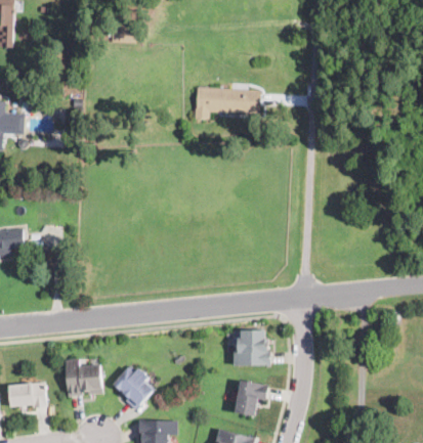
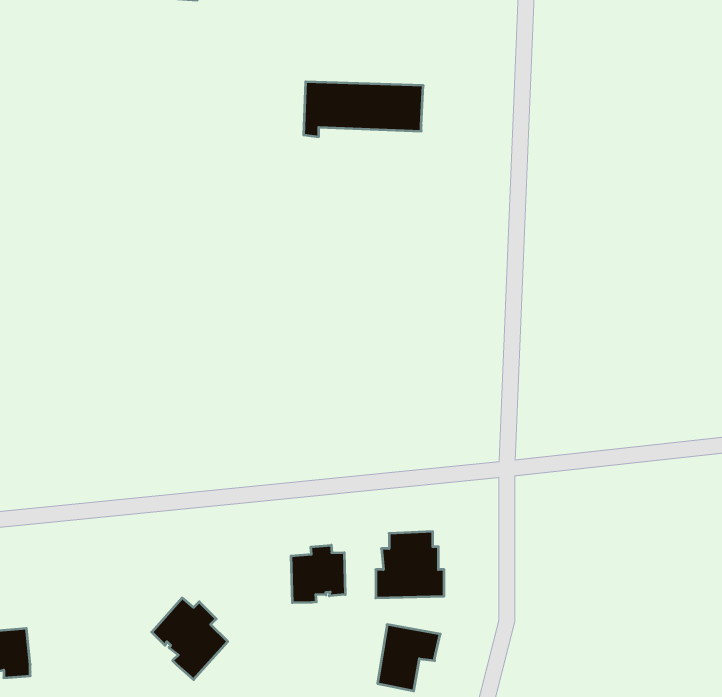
building: none -> [291,545,345,603]
building: [65,359,103,396] -> none

